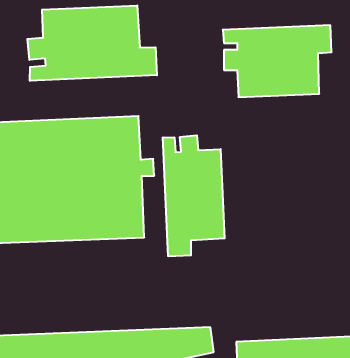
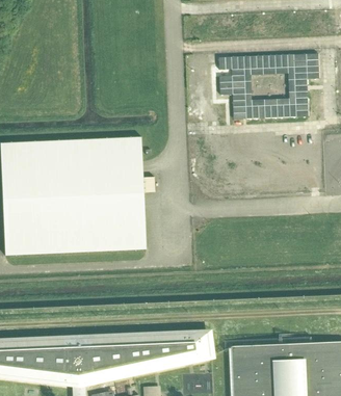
building: [27,5,157,81] -> none
building: [163,135,225,256] -> none

